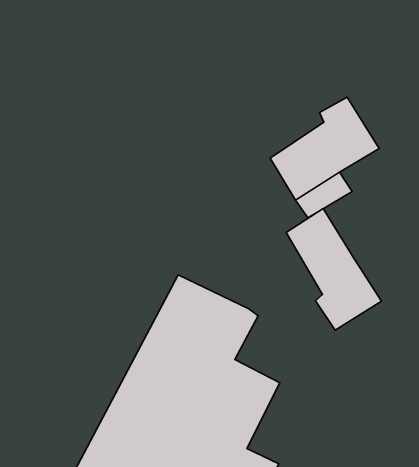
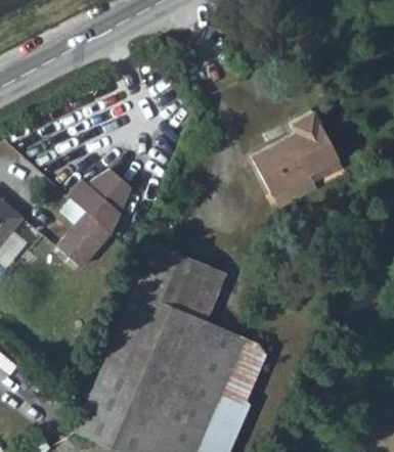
building: none -> [43,178,120,283]
building: [286,209,382,330] -> none

